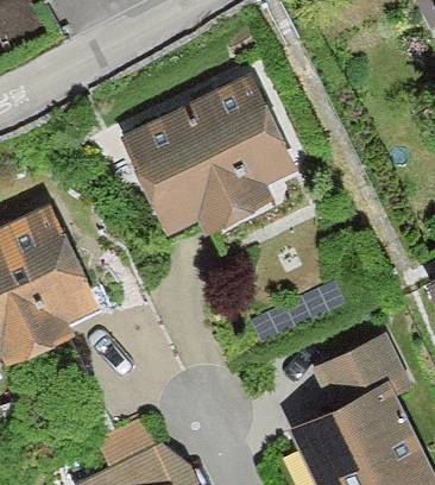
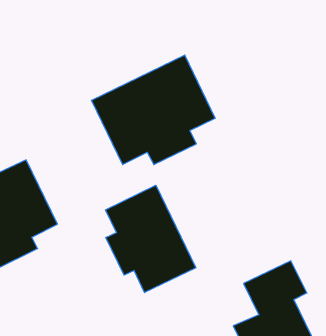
building: none -> [106,185,196,293]

